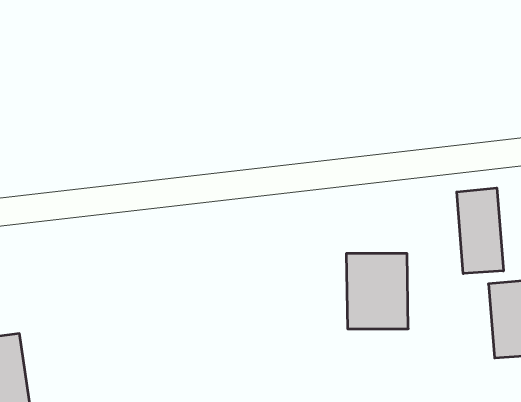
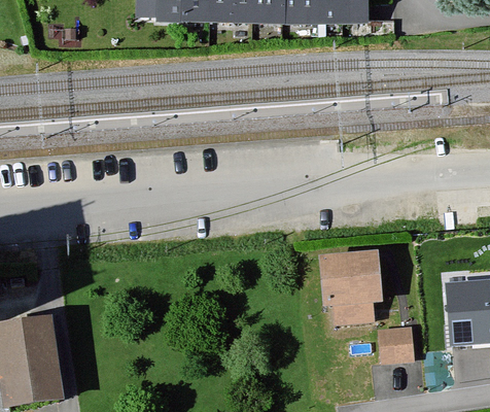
building: [457,188,503,274] -> none
building: none -> [378,328,414,362]

